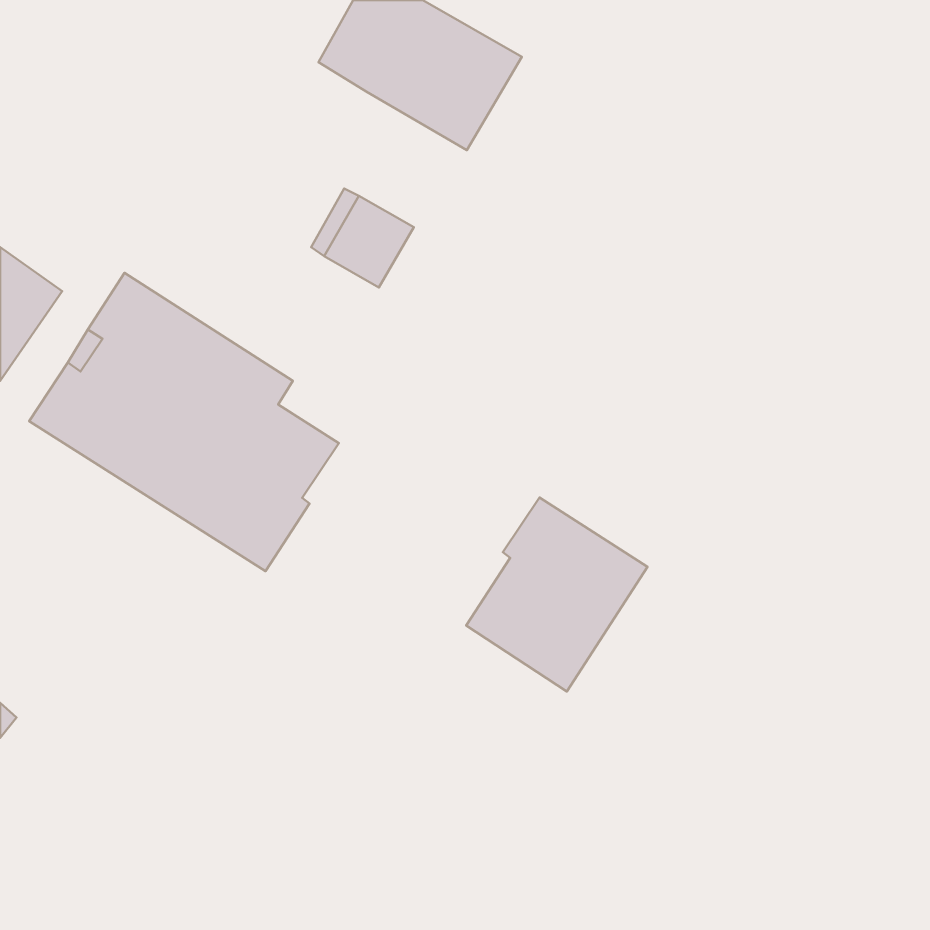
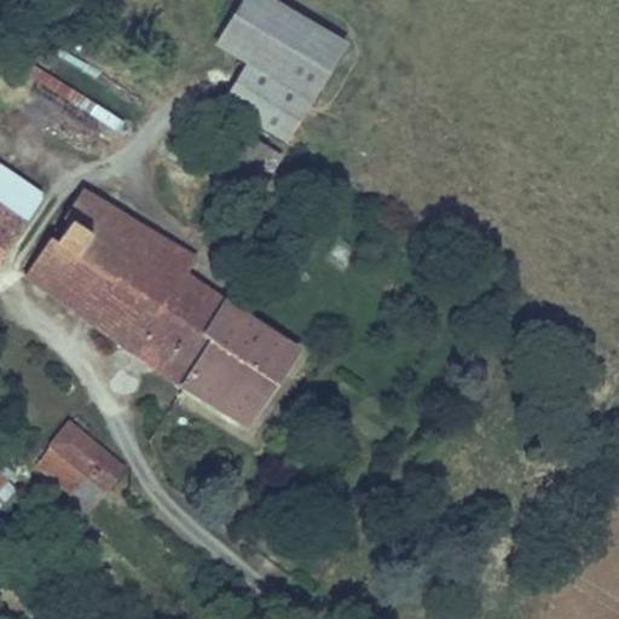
building: none -> [219,64,312,146]
building: [466,497,647,691] -> [179,296,299,424]
building: none -> [35,421,128,515]

